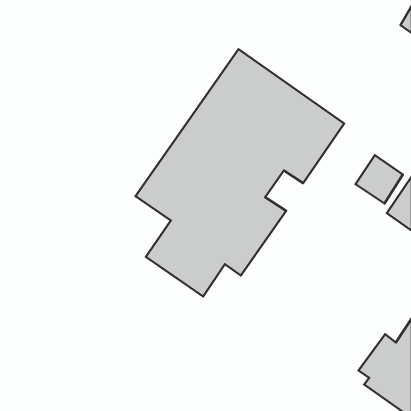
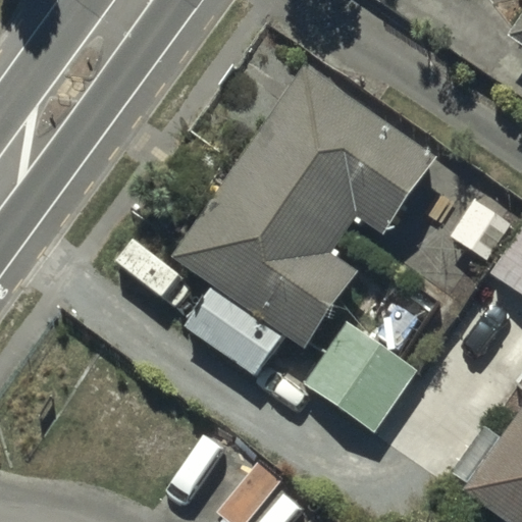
building: none -> [303,320,419,432]

